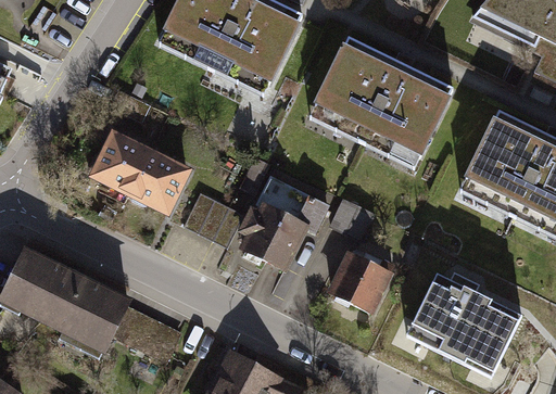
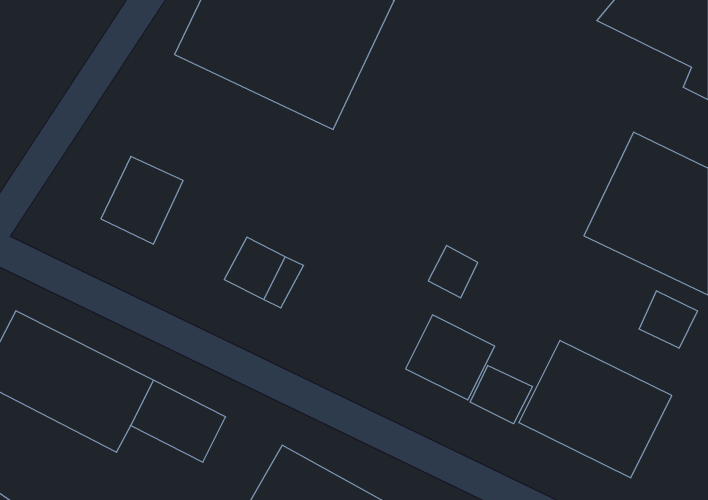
building: [307,35,456,168] -> none
building: [129,148,192,215] -> none
building: [235,174,333,271] -> none
building: none -> [639,291,698,348]
building: none -> [470,365,532,424]

